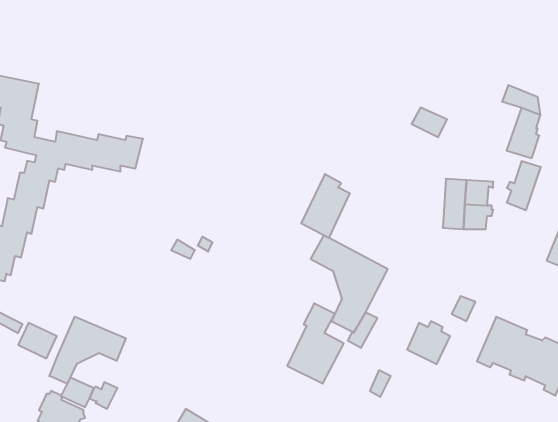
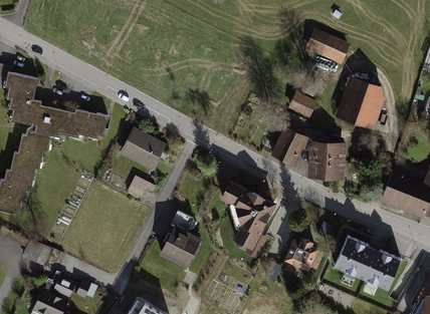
building: none -> [309,32,346,59]
building: none -> [123,130,163,168]
building: [507,161,541,210] -> [341,90,364,123]
building: [301,174,350,238] -> [272,121,305,165]
building: [287,303,344,384] -> [161,212,199,266]
building: [49,317,126,384] -> none

